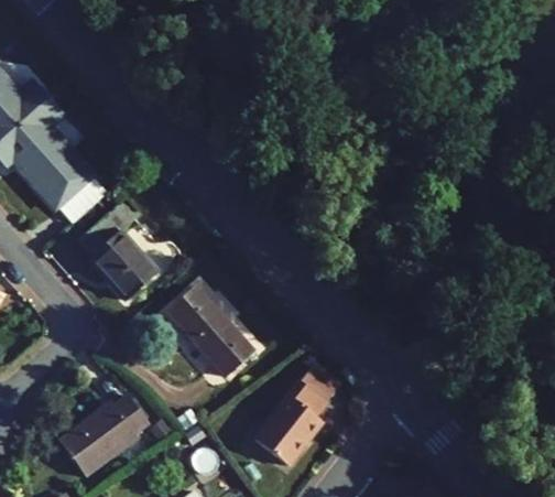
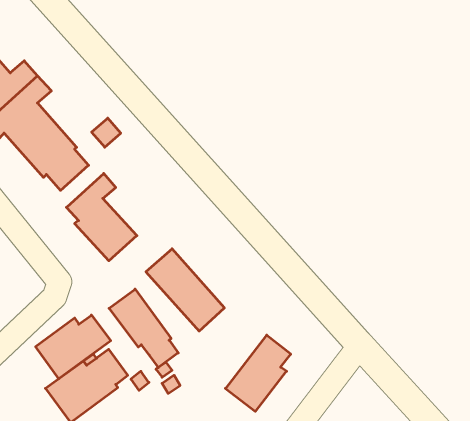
building: none -> [109,289,178,368]
building: none -> [36,315,111,379]

